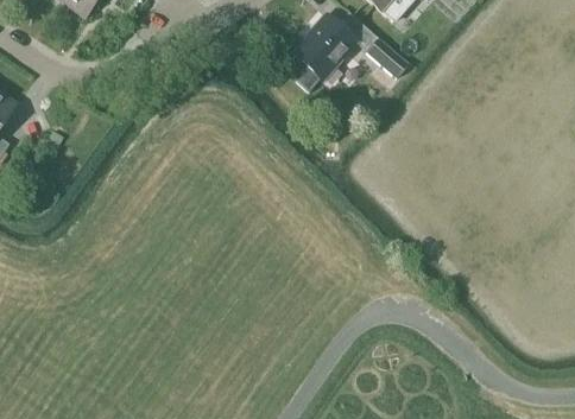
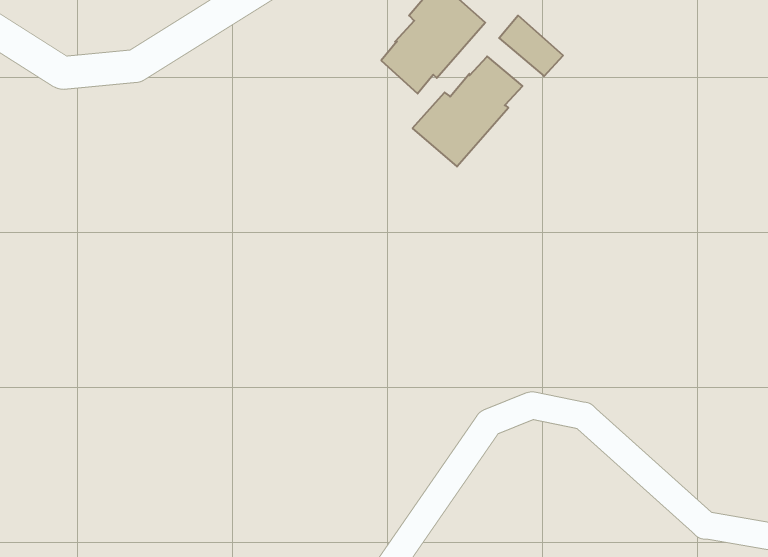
building: none -> [413,56,522,167]

